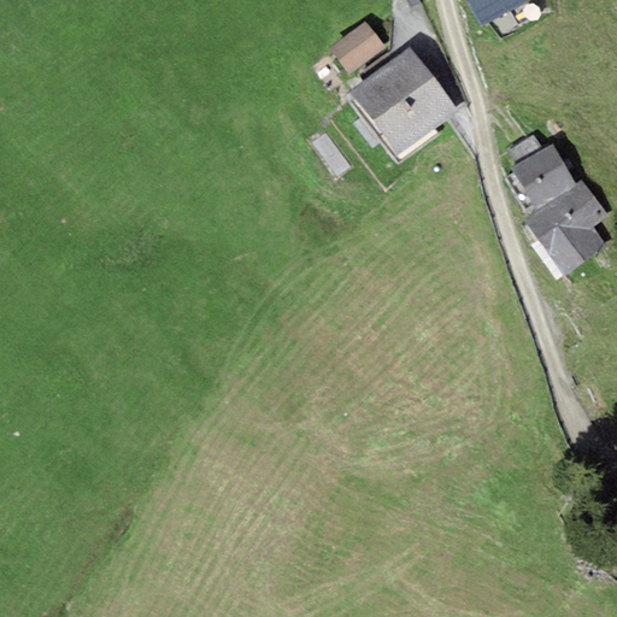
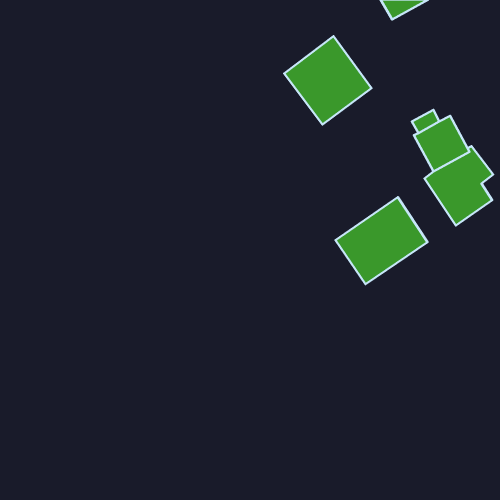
building: [329,19,384,74] -> none
building: none -> [335,197,427,284]

